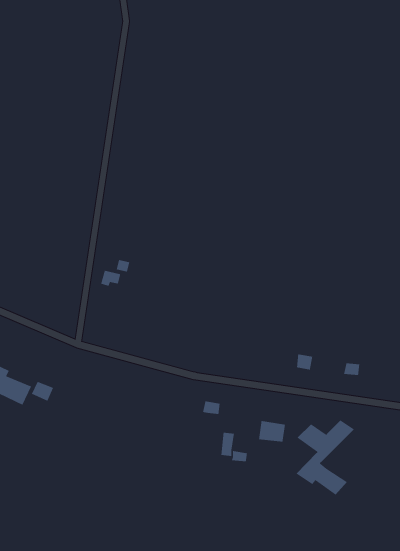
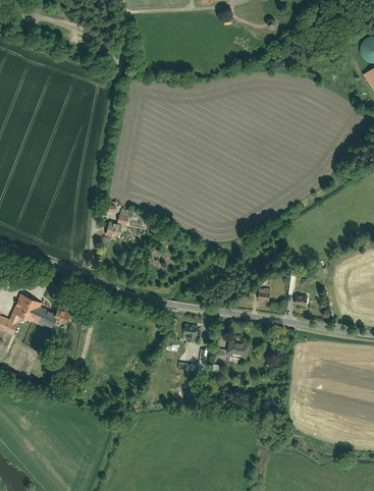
building: [296,420,355,495] -> none

